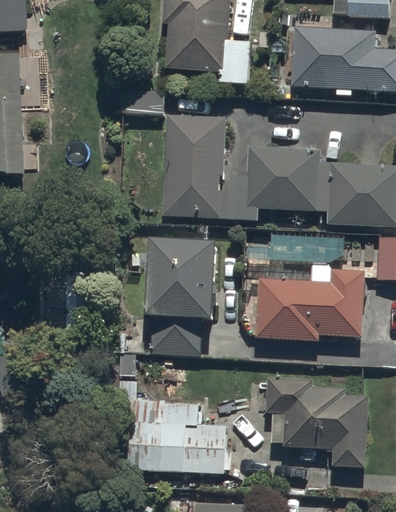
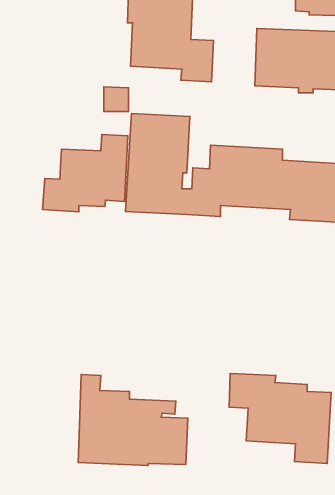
building: none -> [43,135,128,212]
building: [149,237,219,343] -> none
building: [255,269,367,342] -> none

